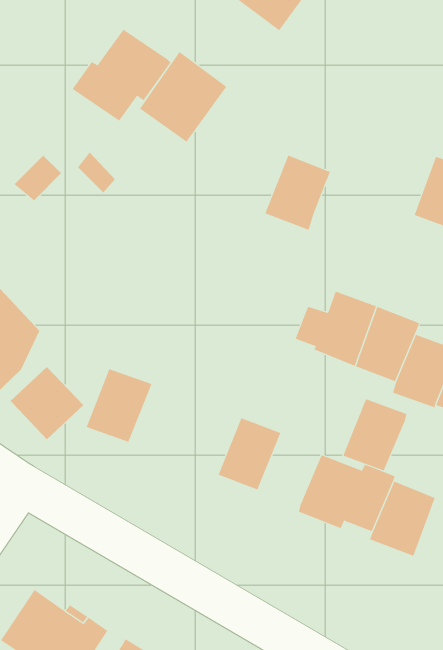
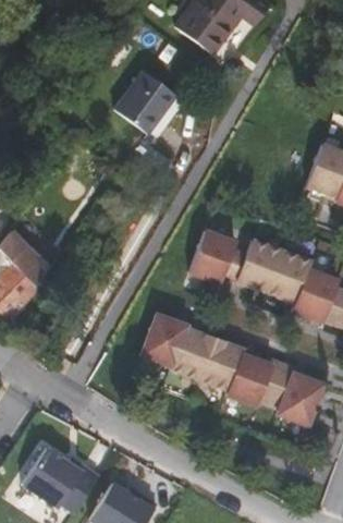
building: [72,29,171,121] -> none
building: [265,155,331,231] -> [191,230,237,283]
building: [9,366,84,440] -> none
building: [86,368,152,443] -> [142,314,188,366]
building: [342,399,407,471] -> [199,339,245,390]

